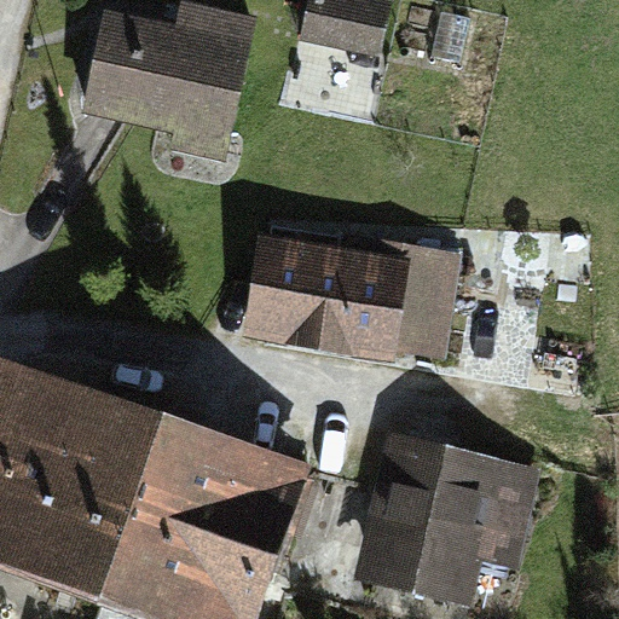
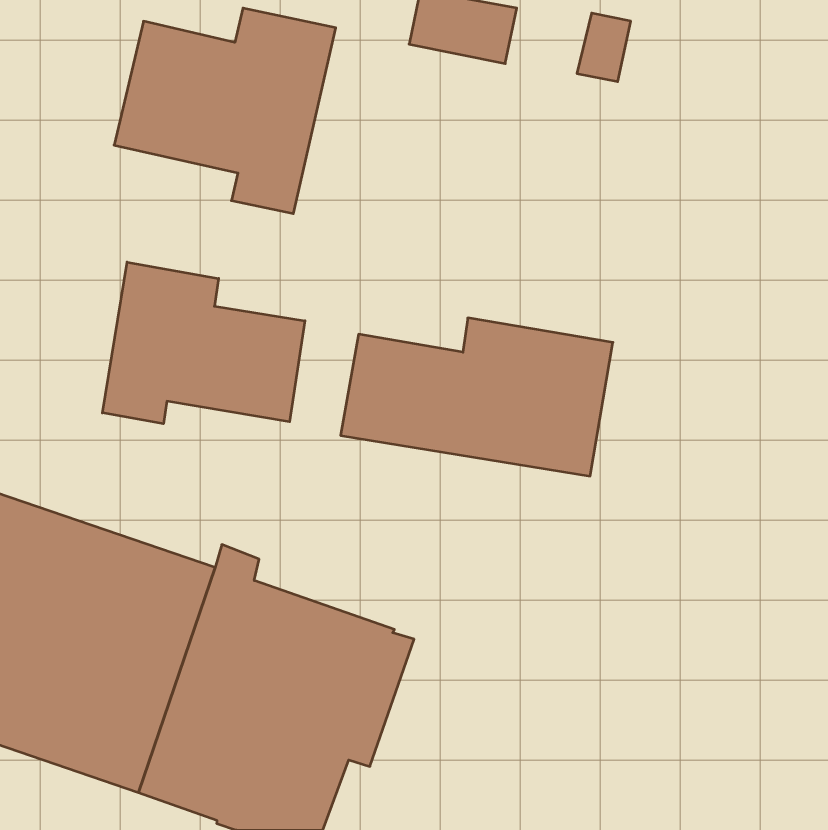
building: none -> [102,262,305,424]
building: [372,449,530,589] -> none

